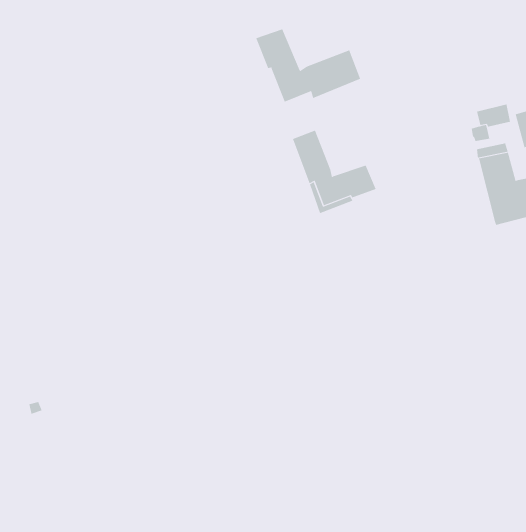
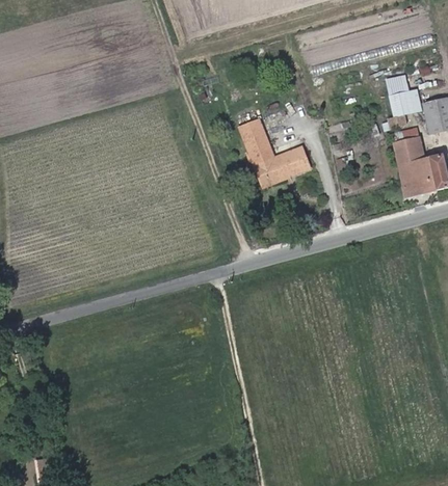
building: [255,28,361,103] -> none
building: none -> [385,77,415,103]

